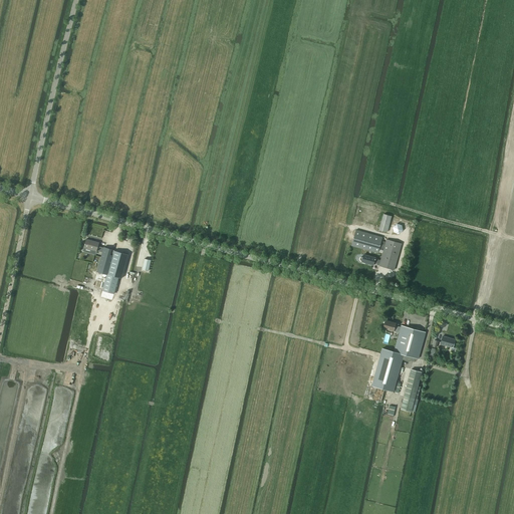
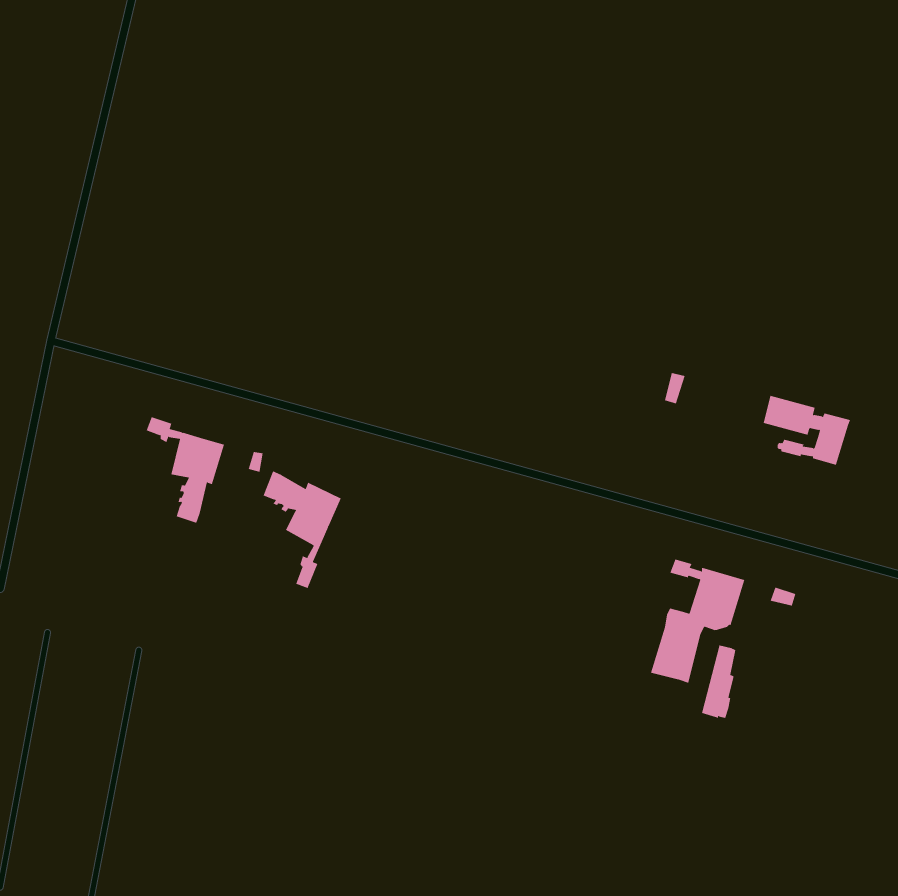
building: [351,229,402,269] -> [763,395,851,465]
building: none -> [263,470,342,589]

